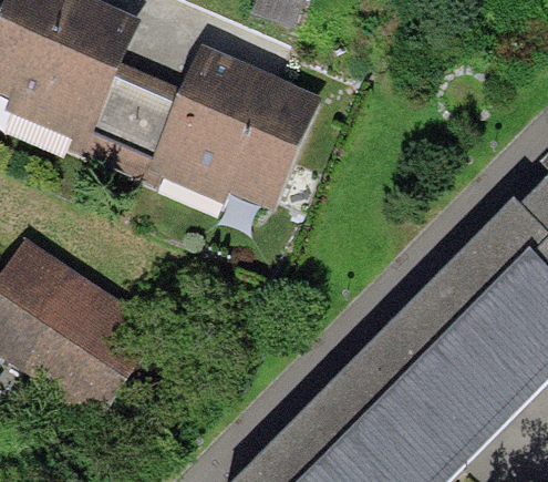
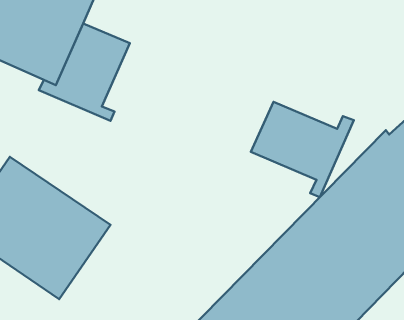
building: [145,44,321,211] -> none
building: none -> [251,102,354,197]

